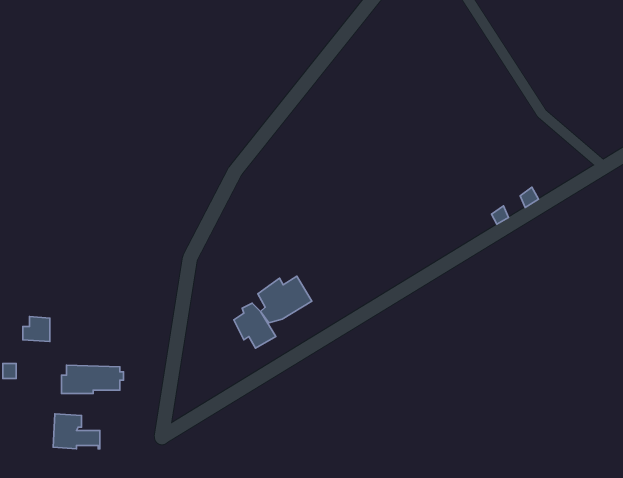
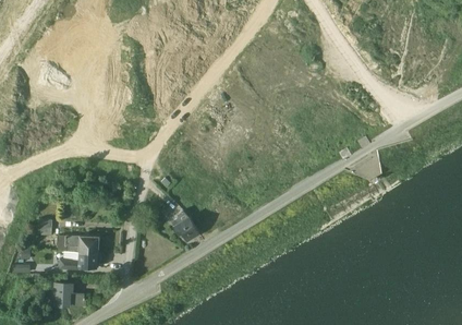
building: [258,276,312,323] -> none
building: none -> [57,233,98,251]

